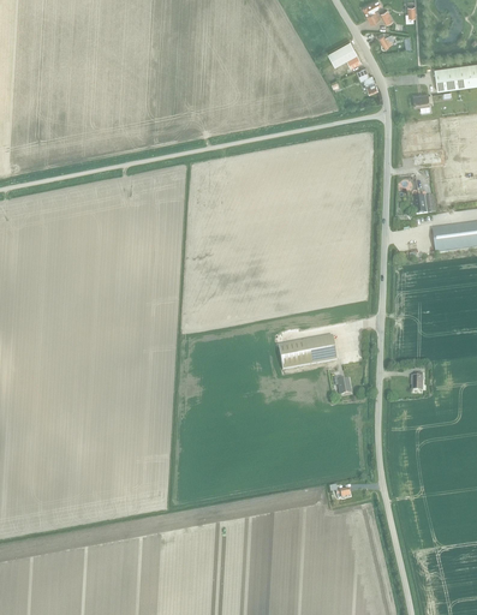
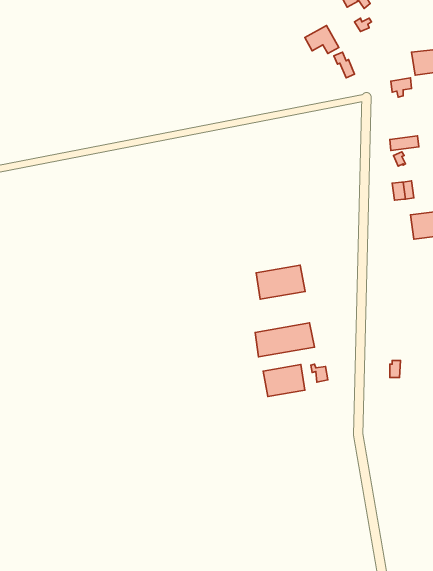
building: none -> [256,265,305,299]
building: none -> [263,365,305,396]

